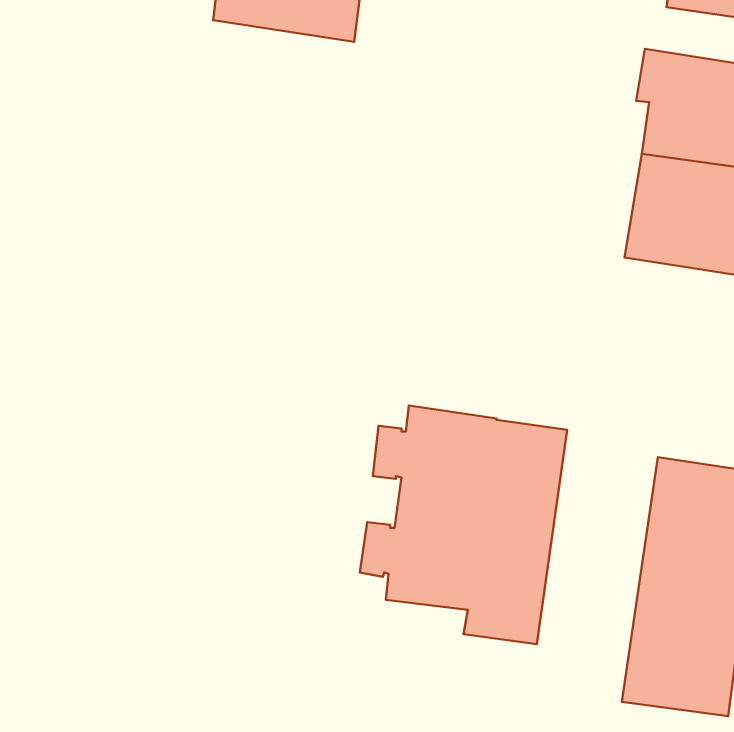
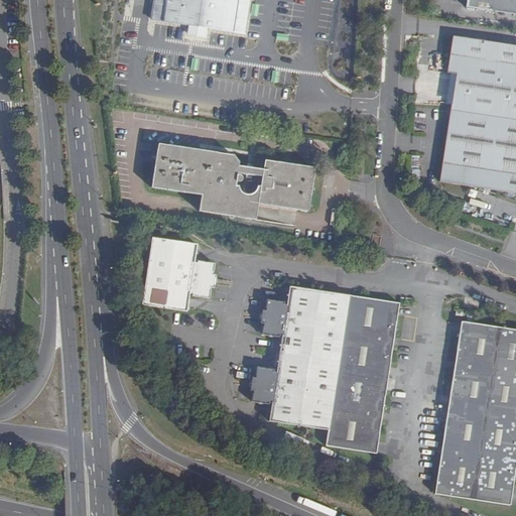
building: none -> [151,144,314,220]
building: none -> [143,235,219,308]

